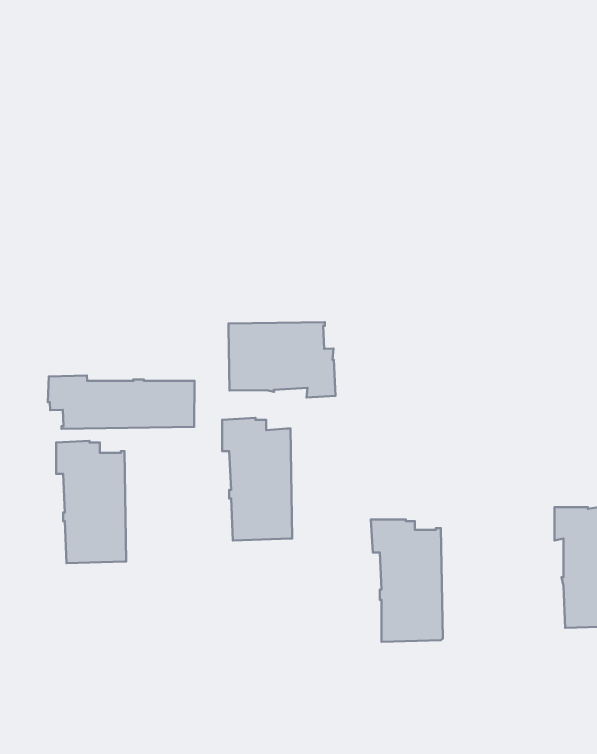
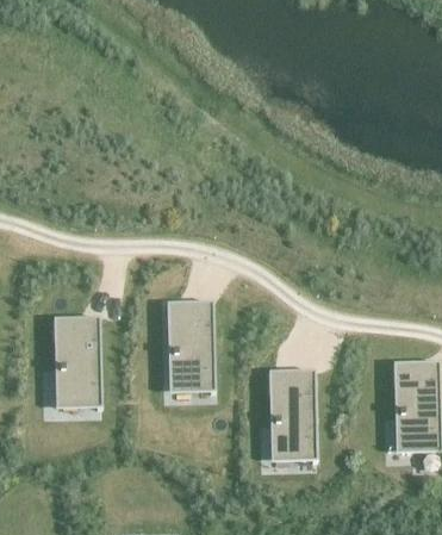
building: [228,322,335,398] -> none
building: [48,375,194,429] -> none

